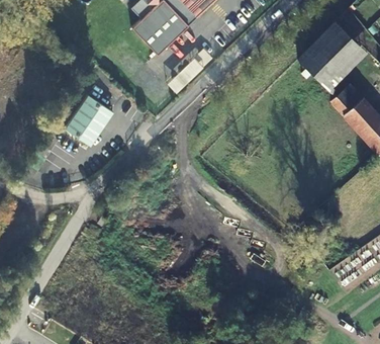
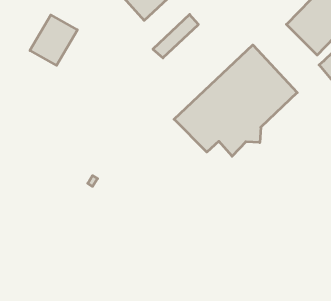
building: none -> [174,45,297,156]
building: [63,96,111,148] -> [30,15,77,65]

